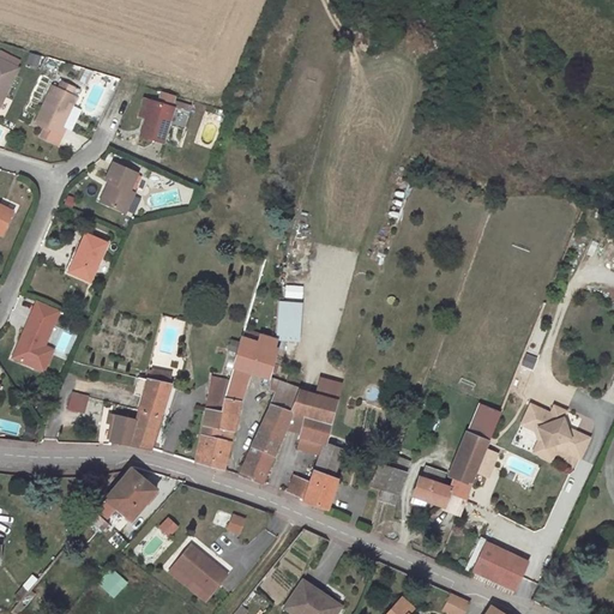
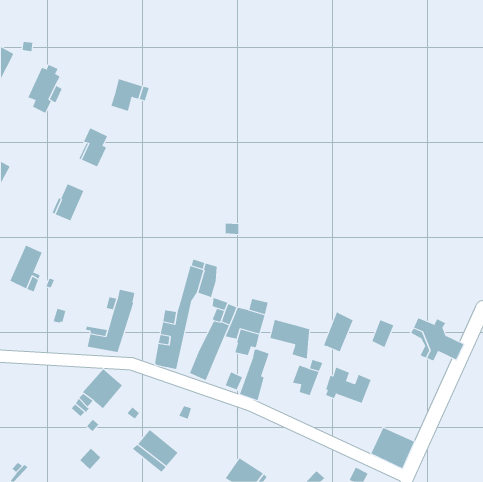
building: [276,301,301,339] -> none
building: none -> [270,319,310,359]
building: [450,431,488,482] -> [323,312,353,352]

